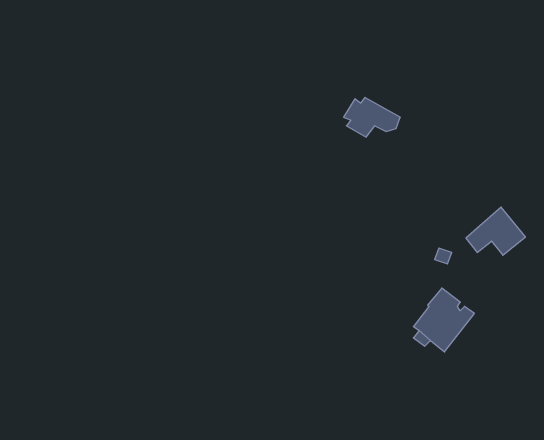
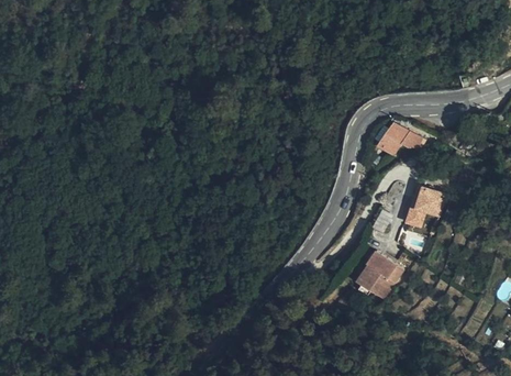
building: [344,97,400,137] -> [379,126,423,157]

